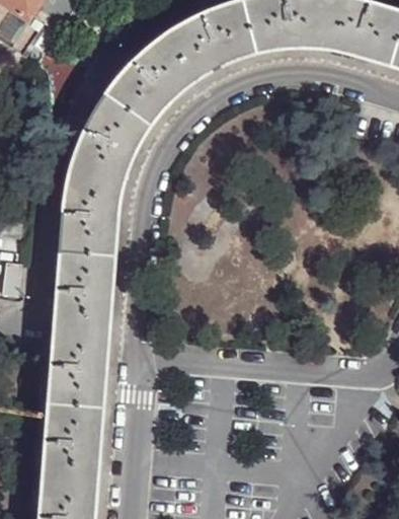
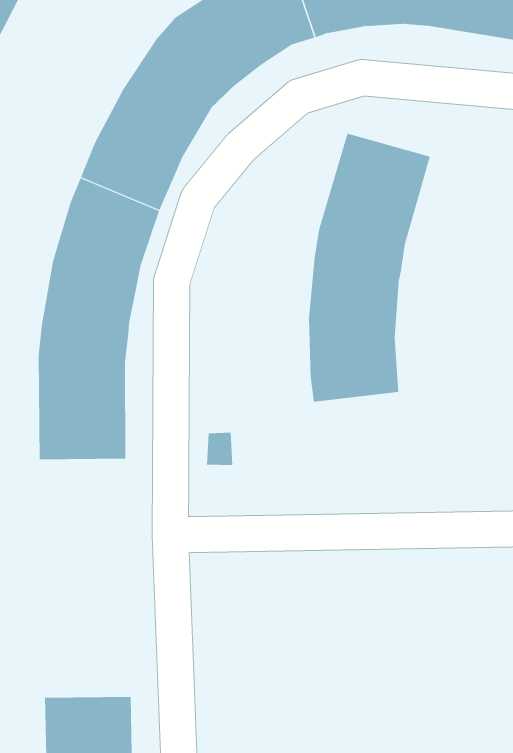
building: none -> [308,133,431,402]
building: [42,296,109,453] -> none

